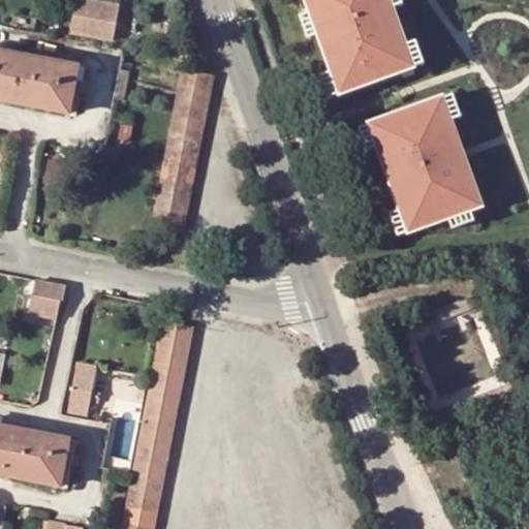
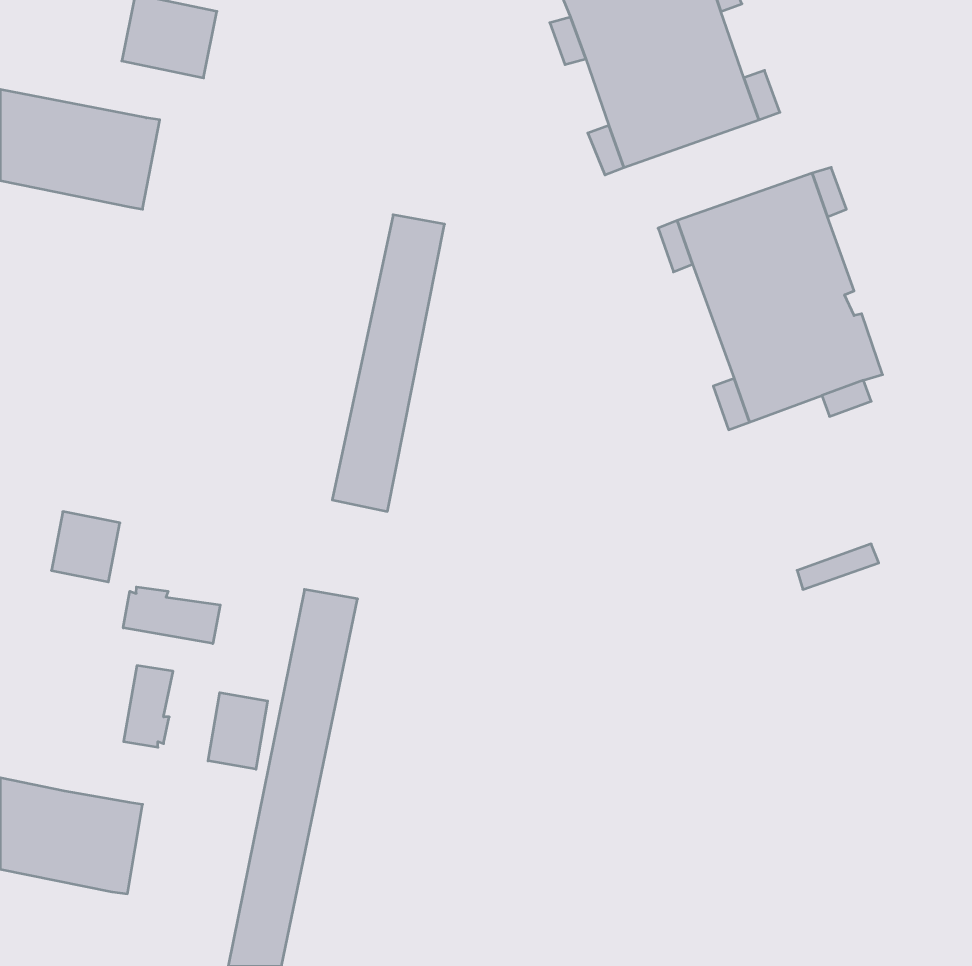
building: [153,68,214,229] -> [332,215,445,511]
building: none -> [123,587,220,644]
building: none -> [208,693,268,769]

